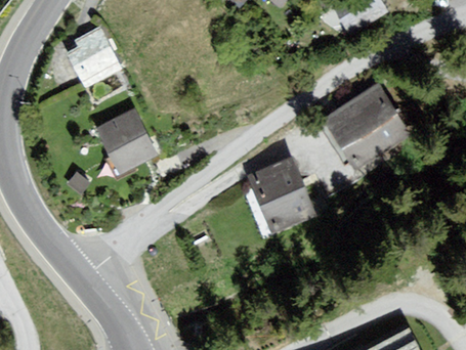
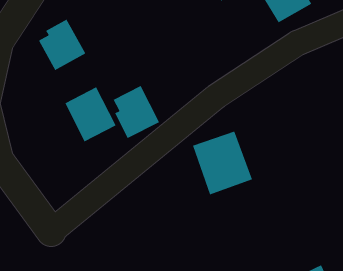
building: [330,85,417,173] -> none
building: none -> [113,85,160,139]

